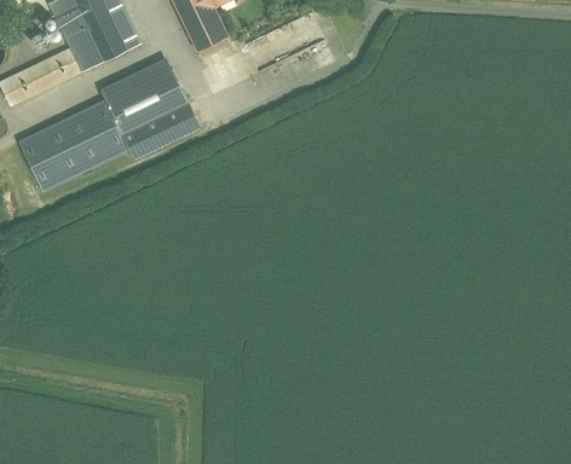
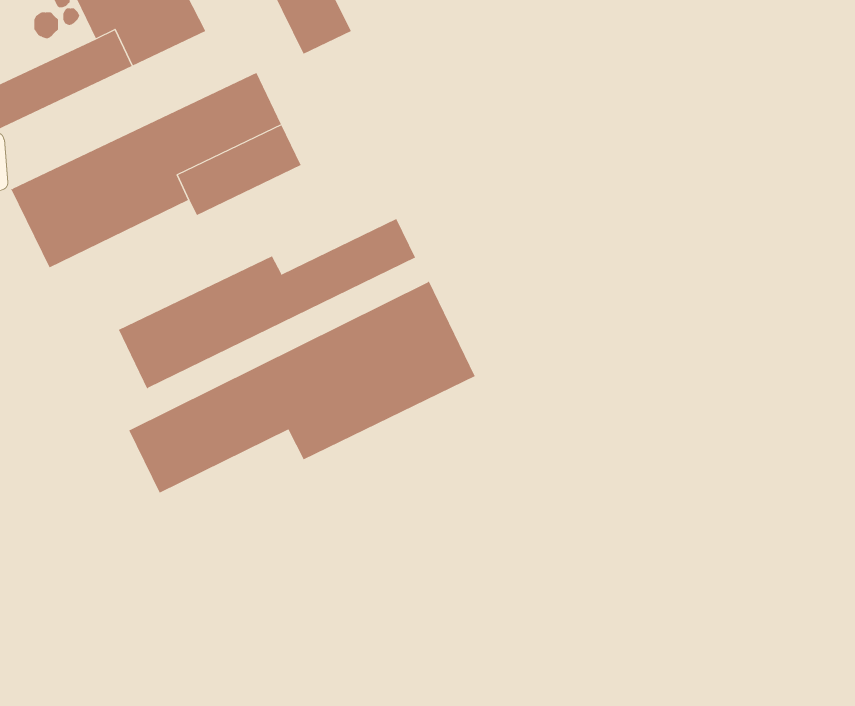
building: none -> [118,218,416,390]
building: none -> [129,280,476,493]

